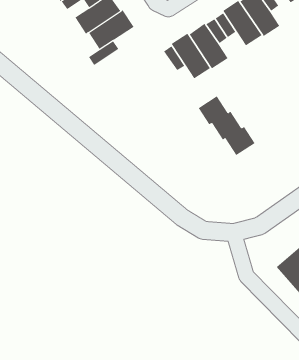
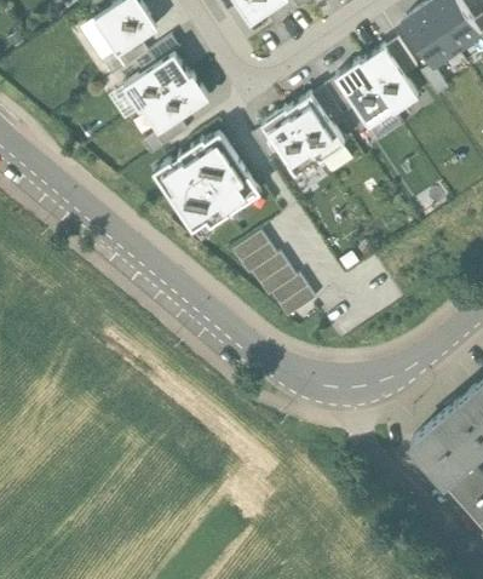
building: none -> [154,130,261,228]
building: [198,96,255,156] -> [234,231,316,317]

